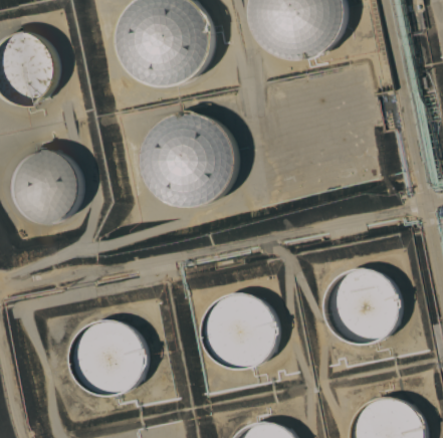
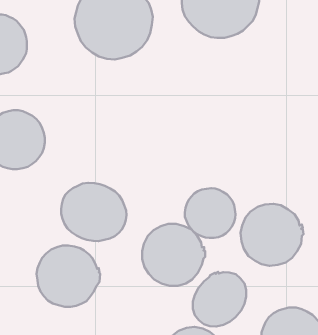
building: [144,110,239,208] -> none
building: none -> [61,183,127,241]
building: none -> [185,188,236,238]
building: none -> [193,272,246,327]

